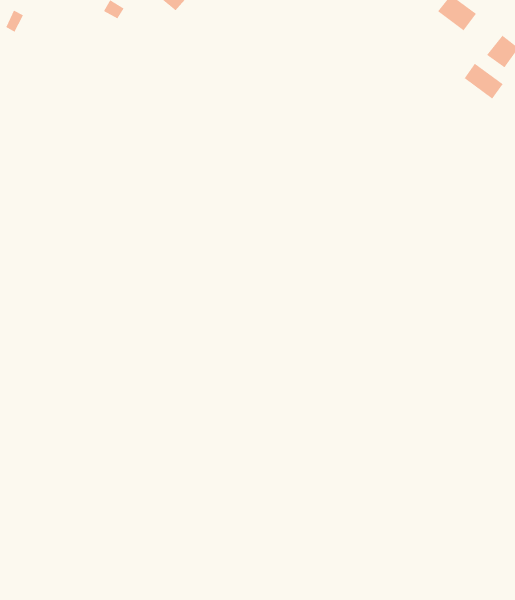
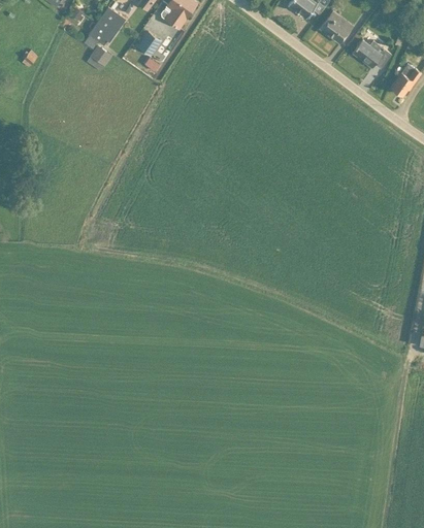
building: [464,63,503,99] -> none

